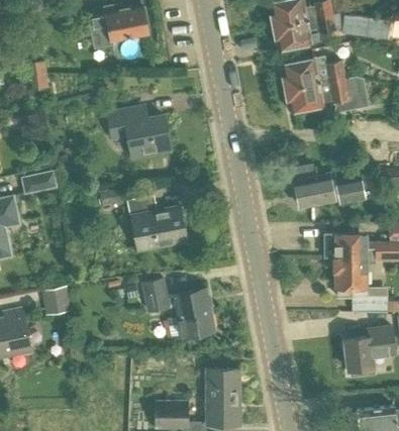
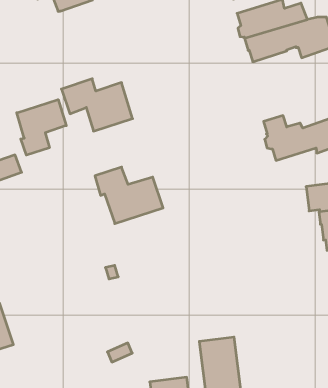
building: none -> [17,100,66,155]
building: [143,279,214,337] -> none
building: [42,287,72,317] -> none

